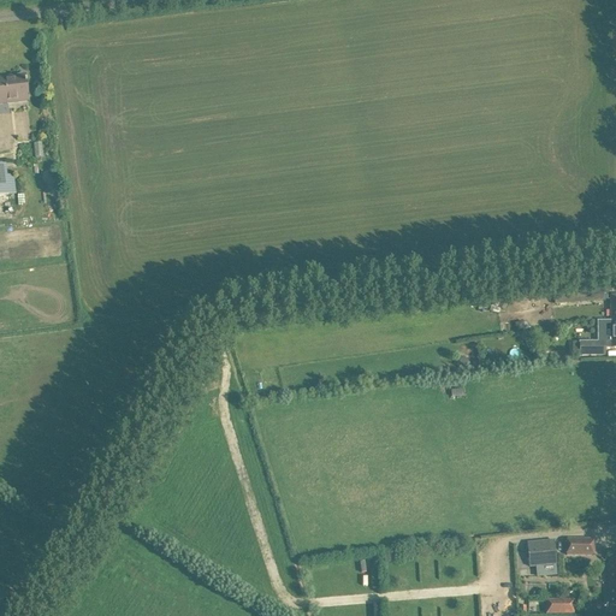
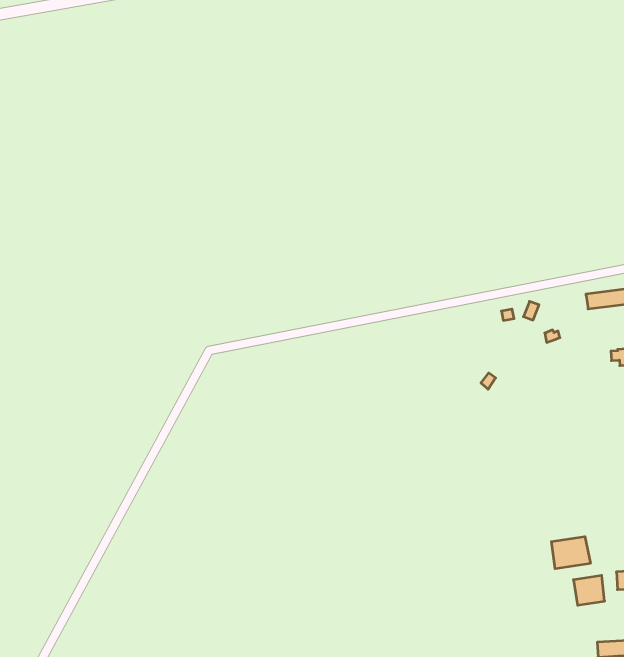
building: none -> [551,537,590,569]

